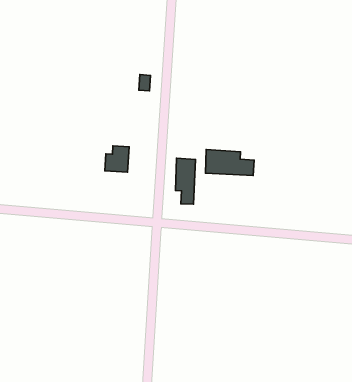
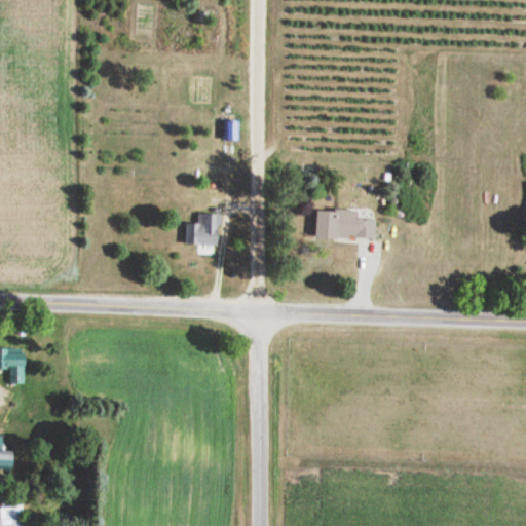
building: [176,158,196,204] -> none

